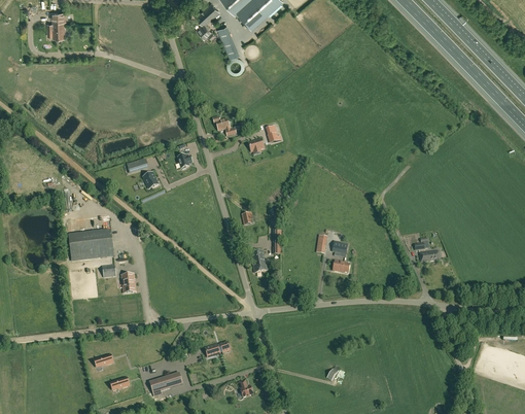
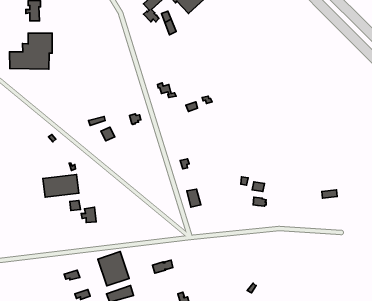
building: none -> [9,33,52,69]
building: none -> [98,252,129,286]

